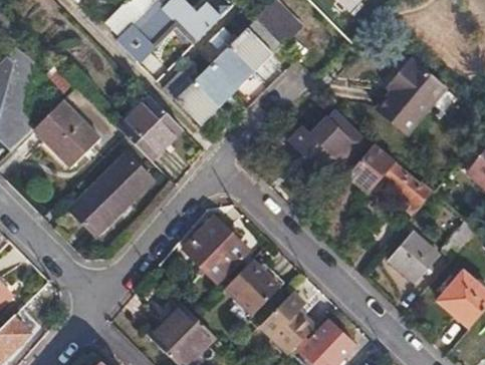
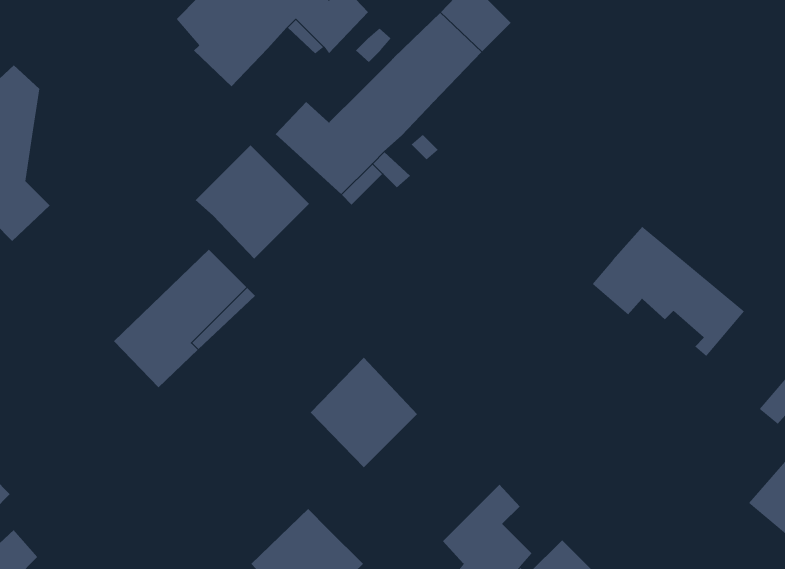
building: [379,56,448,130] -> none
building: [33,101,97,165] -> none
building: [289,107,372,169] -> none
building: [388,233,437,281] -> none
building: [222,259,275,312] -> none

